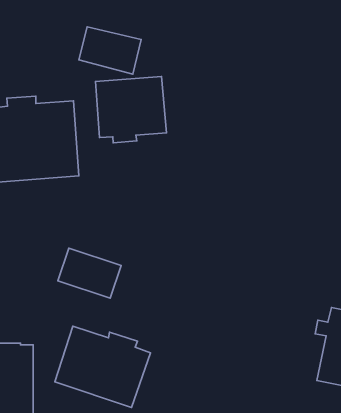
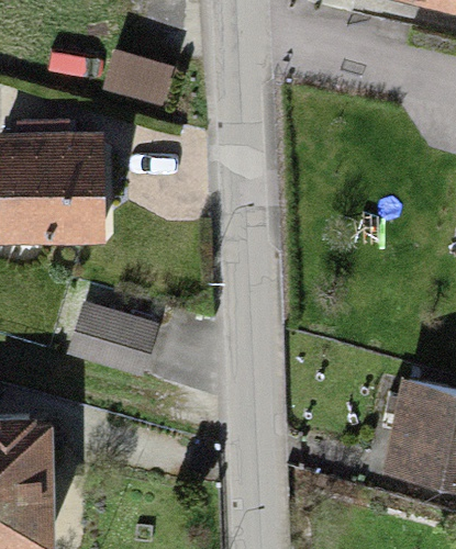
building: [96,76,166,143] -> none
building: [55,326,151,407] -> none

